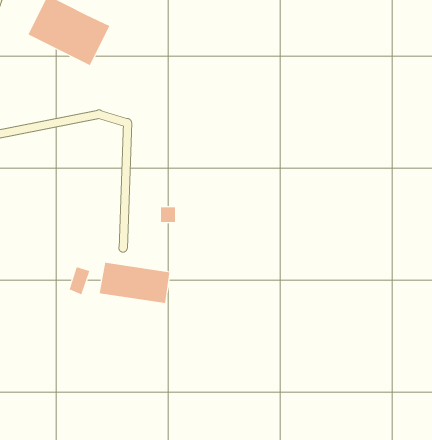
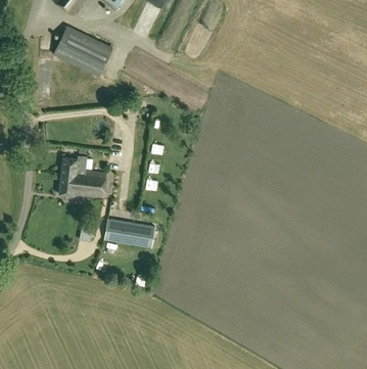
building: none -> [58,155,106,197]

